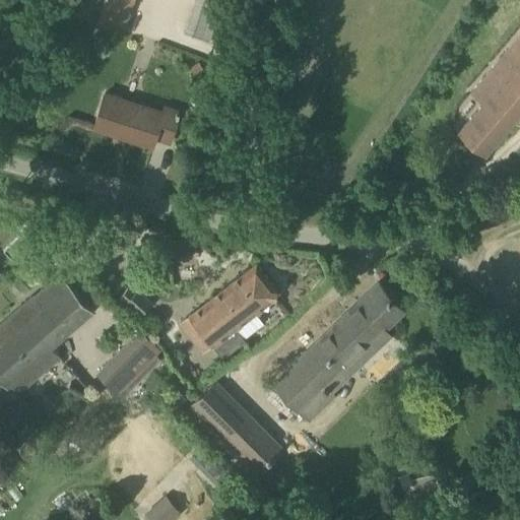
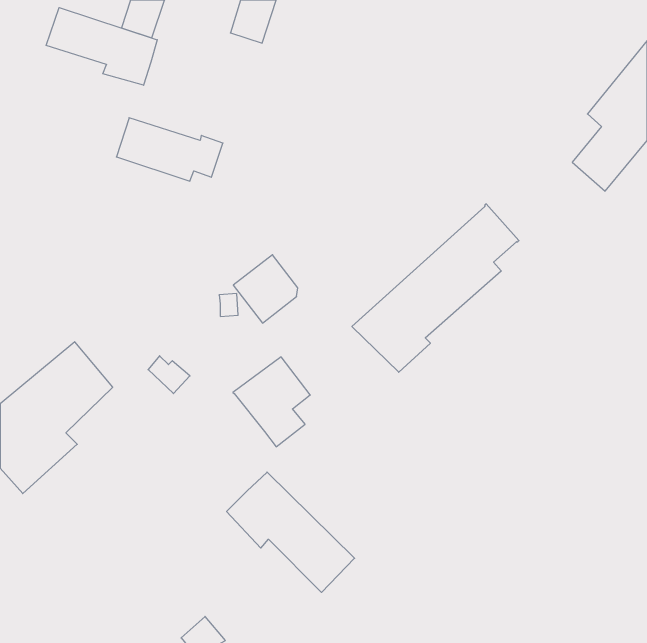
building: none -> [46,8,157,85]
building: [225,265,277,320] -> [233,255,298,323]
building: [270,284,404,419] -> [352,204,519,372]
building: [94,330,161,401] -> none

